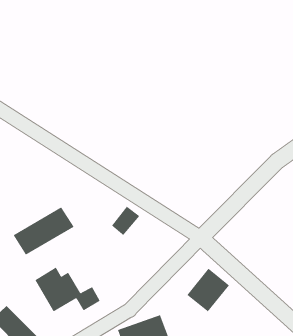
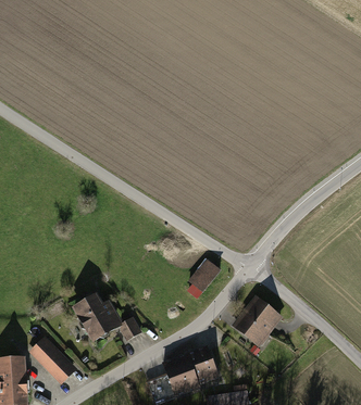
building: [111,206,140,236] -> [189,260,220,291]
building: [13,207,74,255] -> none

